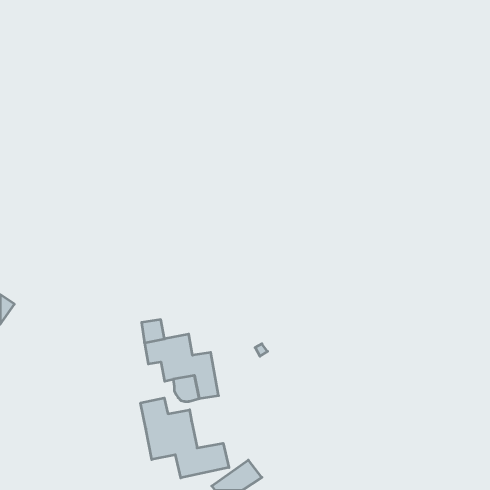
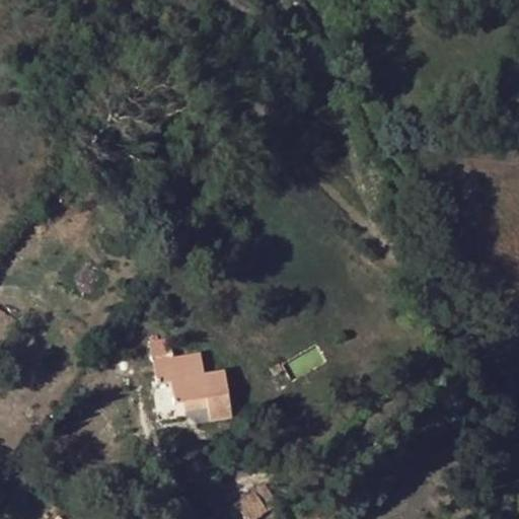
building: [141,398,229,478] -> none

